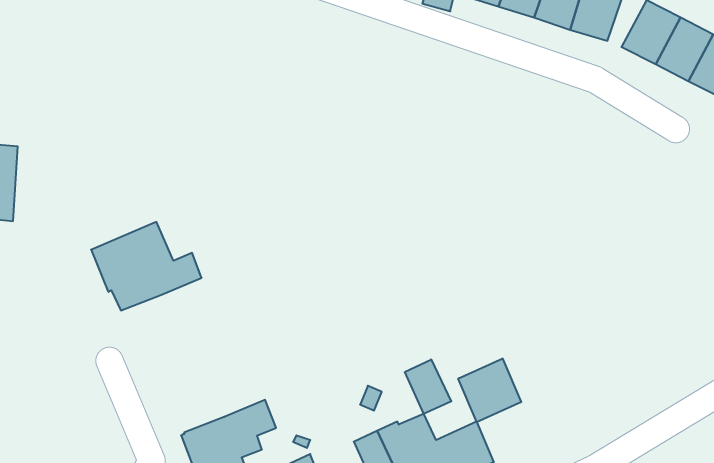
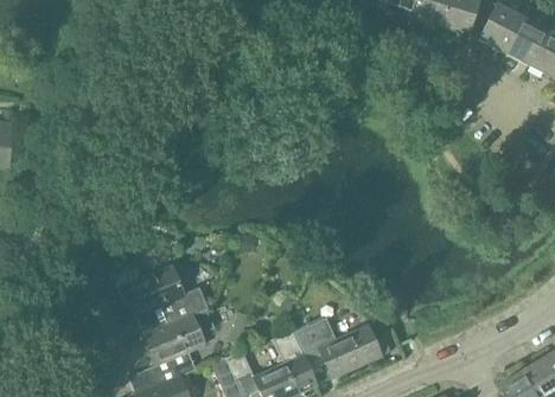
building: [91,222,202,310] -> [123,264,208,332]
building: [458,358,521,422] -> none
building: [405,359,451,414] -> none

